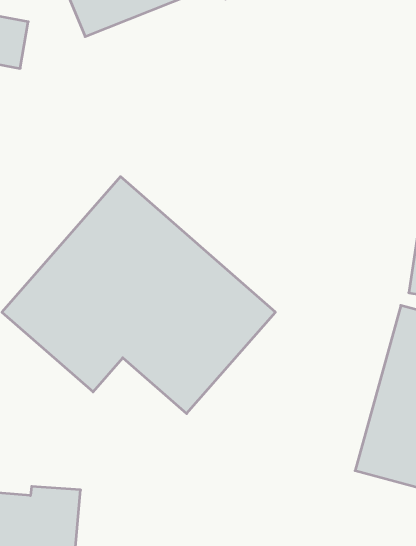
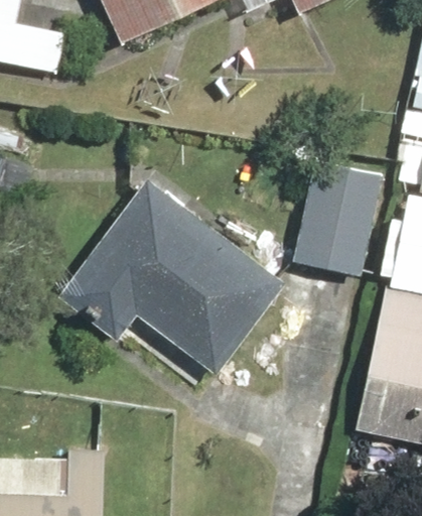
building: none -> [294,152,394,280]

